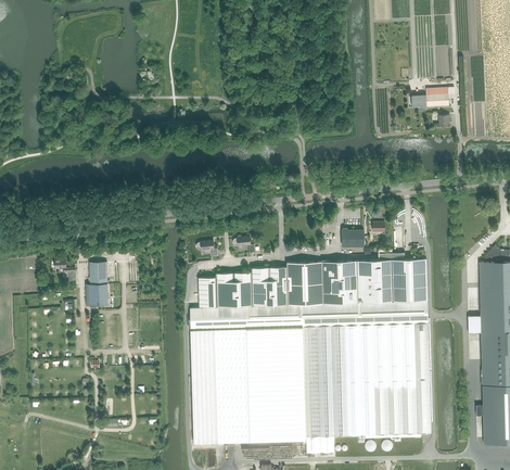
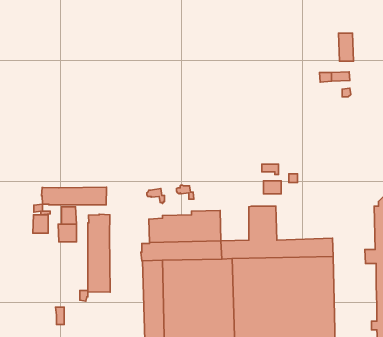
building: none -> [42,187,106,205]
building: [356,254,426,304] -> none
building: [285,263,322,305] -> none
building: none -> [88,214,110,292]
building: none -> [33,215,48,233]

